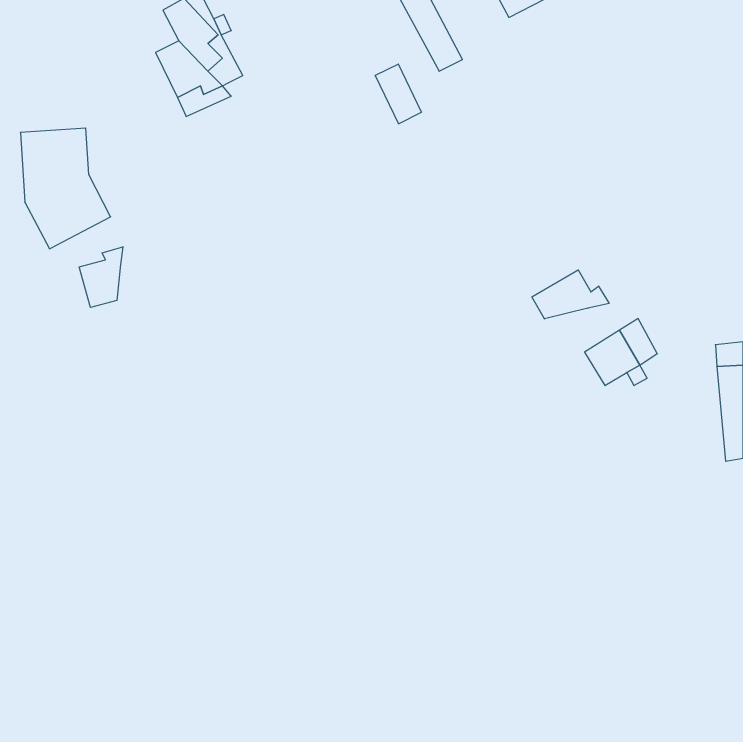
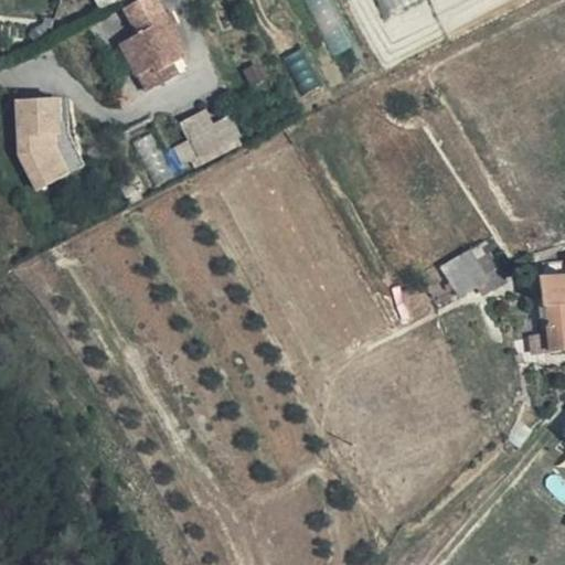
building: none -> [178,107,243,161]
building: [79,247,123,307] -> none
building: [532,270,609,319] -> none

